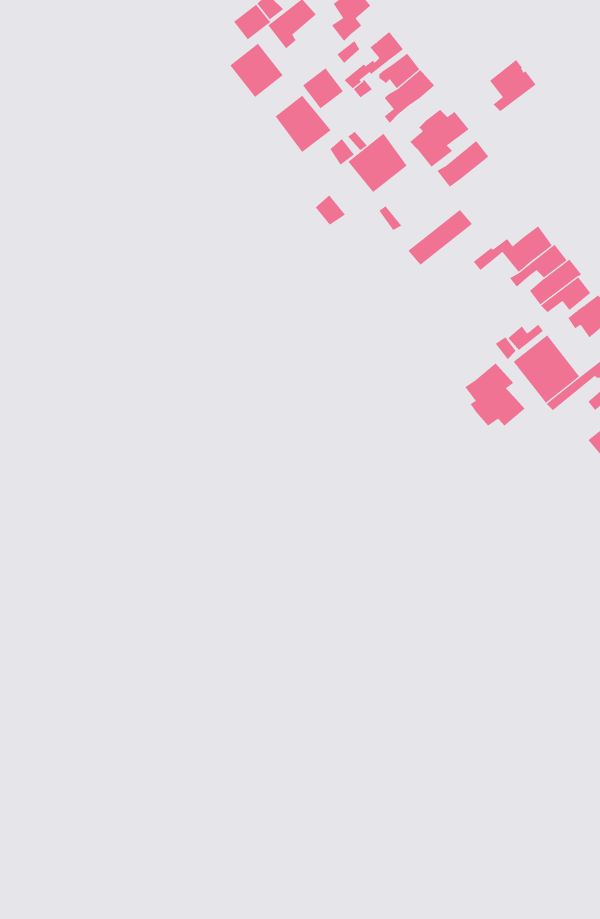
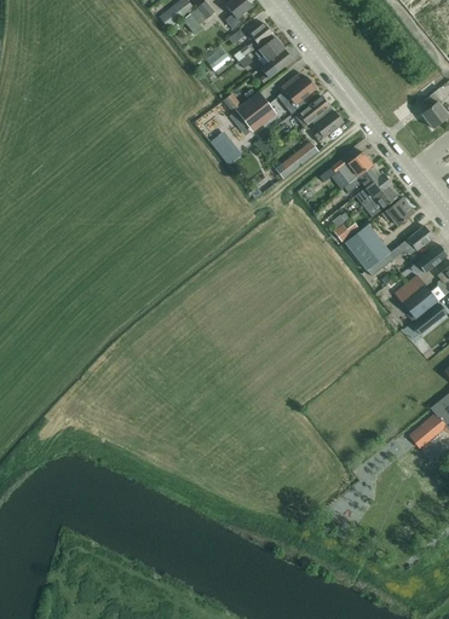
building: [229,43,284,98] -> none
building: [489,59,537,112] -> [312,106,344,141]
building: [275,95,331,153] -> none
building: [464,363,526,426] -> none

